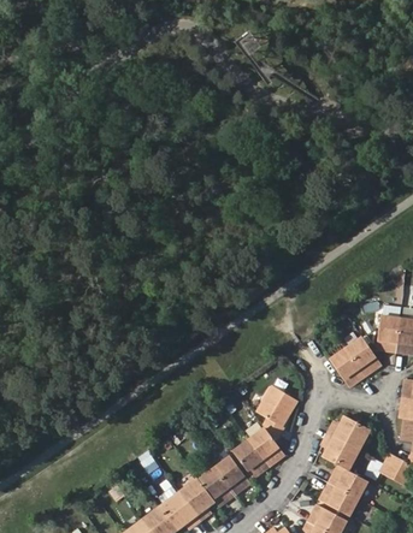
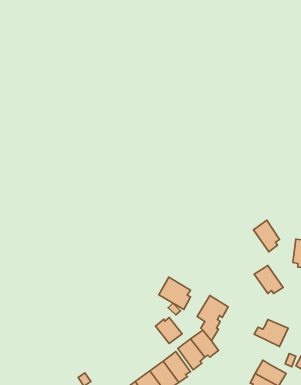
building: [344,336,377,375] -> [253,220,279,252]
building: none -> [159,277,190,310]
building: none -> [155,317,182,344]
building: [324,433,359,472] -> none

